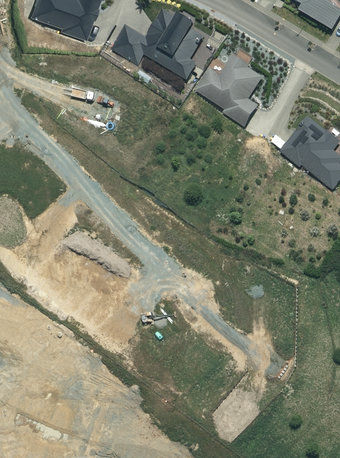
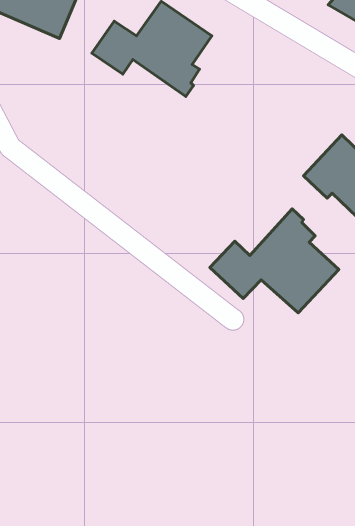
building: [193,52,262,125] -> none
building: none -> [210,209,339,313]

